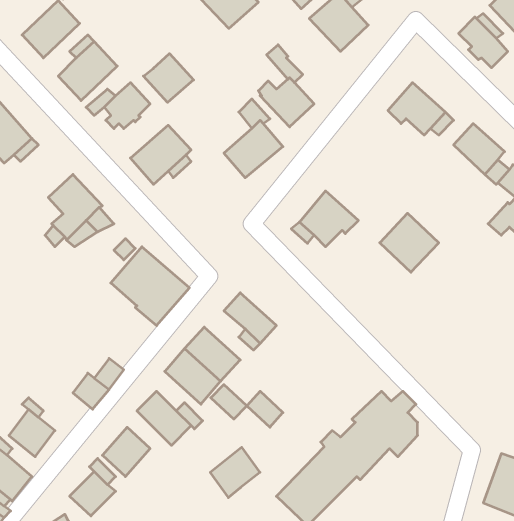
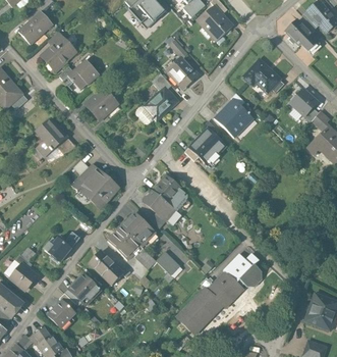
building: [143,54,194,102] -> none
building: [380,213,439,272] -> [216,99,252,136]
building: none -> [153,176,187,210]
building: [210,447,260,498] -> none

